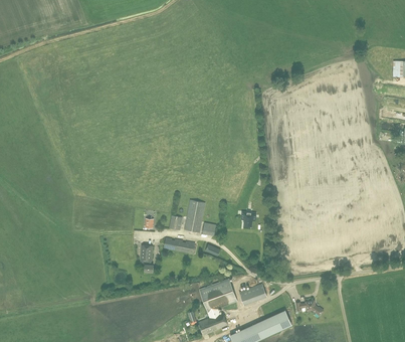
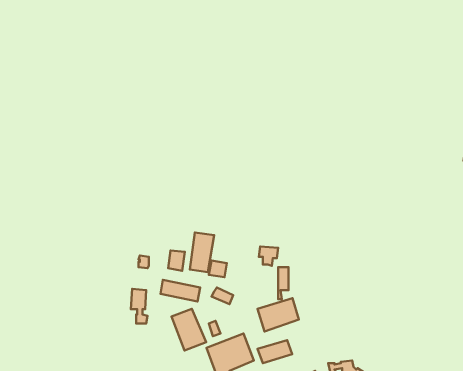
building: none -> [258,298,299,331]
building: none -> [171,309,206,351]

